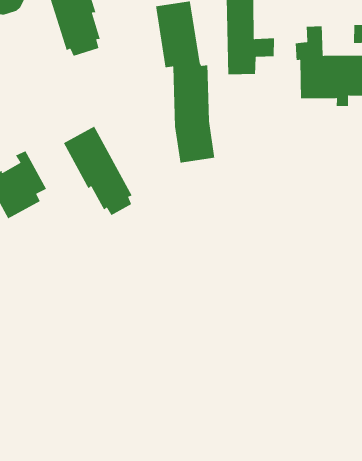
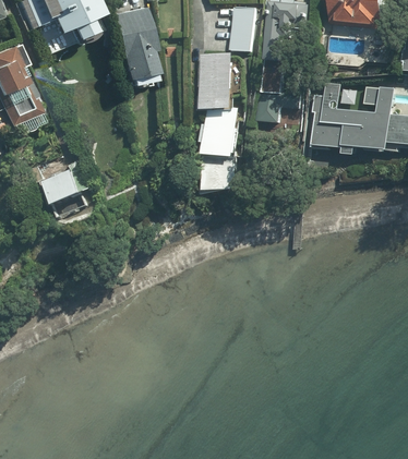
building: [63,126,133,216] -> none

